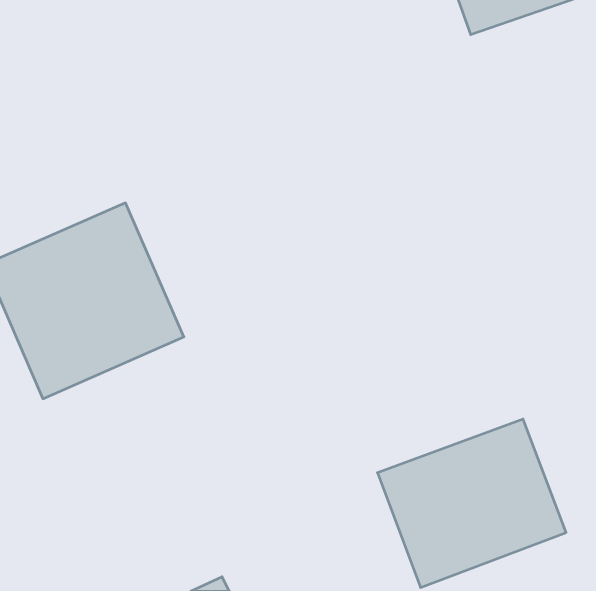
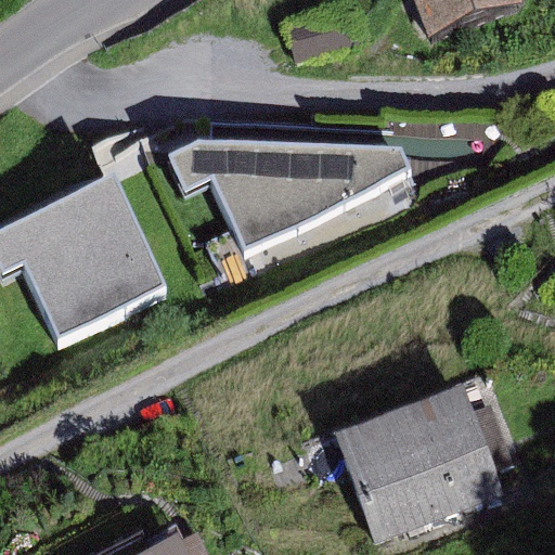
building: none -> [167,144,406,280]

